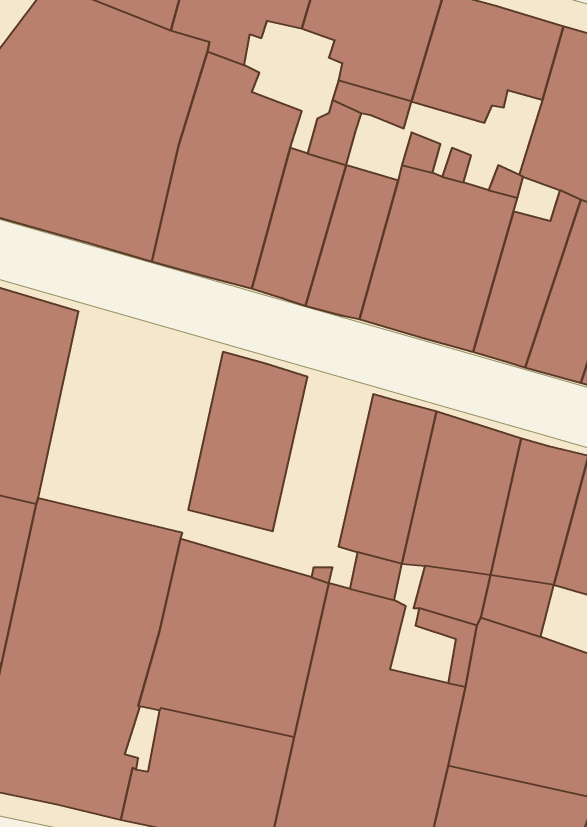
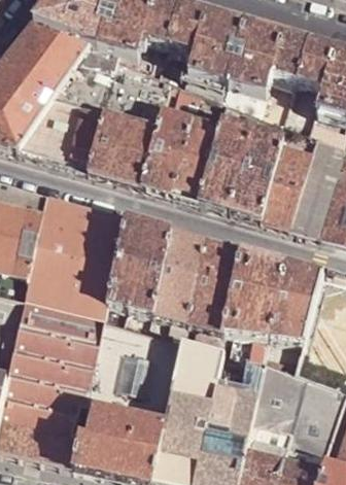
building: none -> [27,197,126,315]
building: none -> [152,232,206,322]

